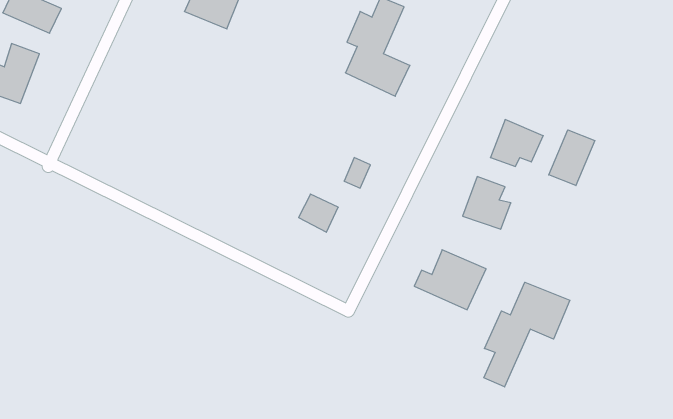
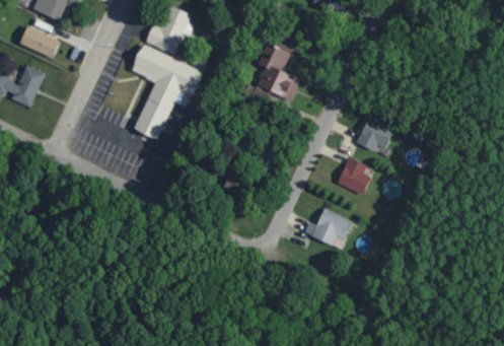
building: none -> [131,45,203,139]
building: [549,130,595,186] -> none
building: [484,282,570,387] -> none

